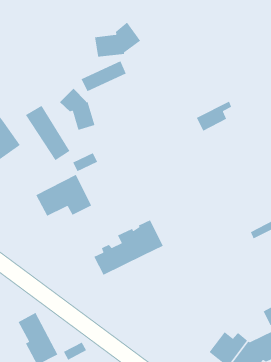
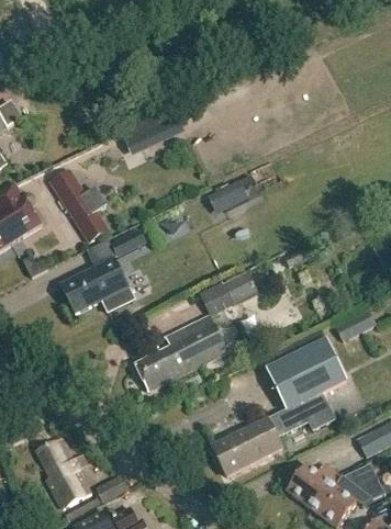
building: [94,22,141,58] -> none
building: [59,88,95,131] -> none
building: [196,101,232,132] -> [208,173,255,214]
building: none -> [197,270,255,314]
building: none -> [212,339,347,475]

